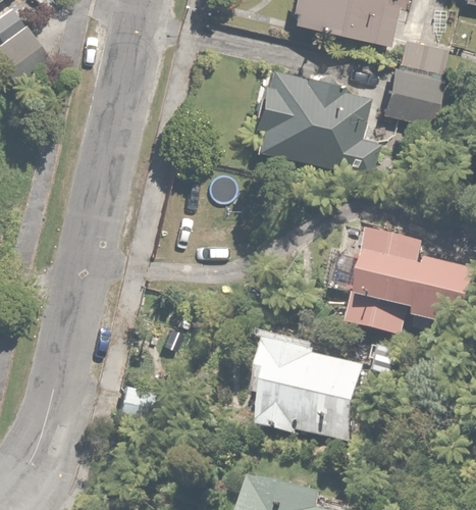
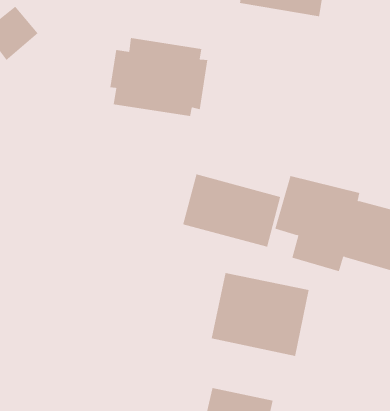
building: [378,37,448,128] -> none
building: [249,70,366,164] -> [109,38,208,117]
building: none -> [182,173,281,247]

